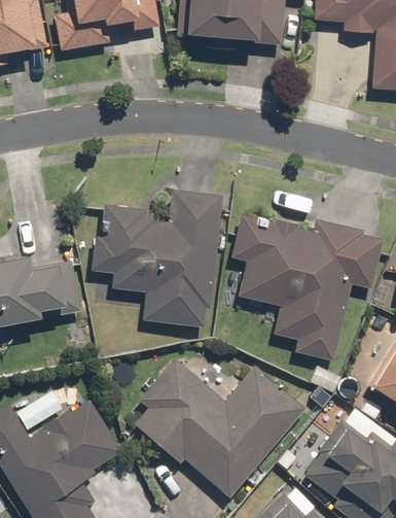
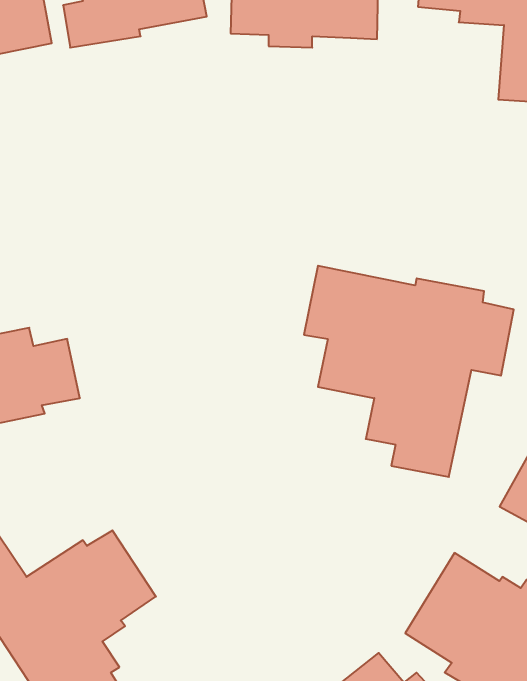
building: [93,194,220,329] -> none
building: [136,357,303,496] -> none

